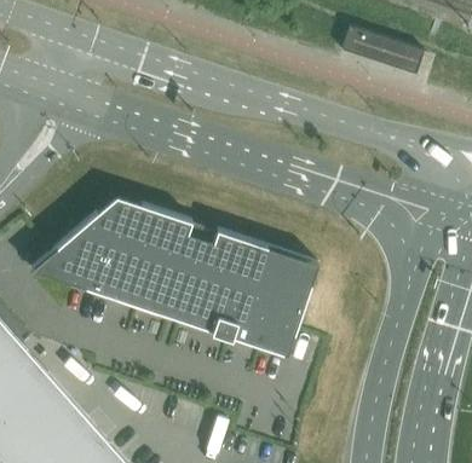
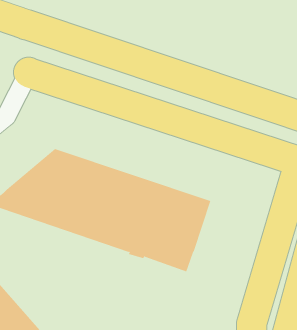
building: [340,29,424,77] -> none

